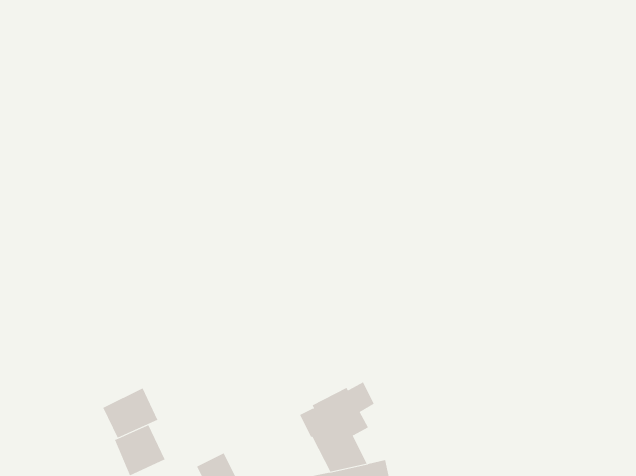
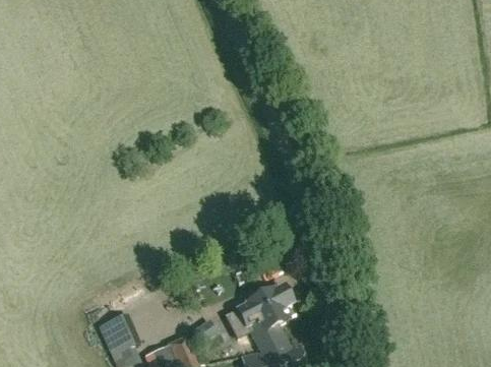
building: [102,387,158,438] -> none

